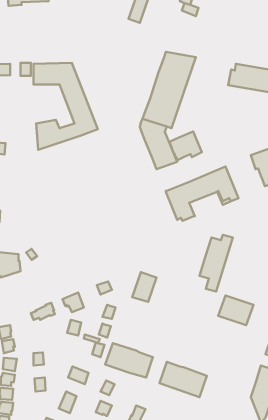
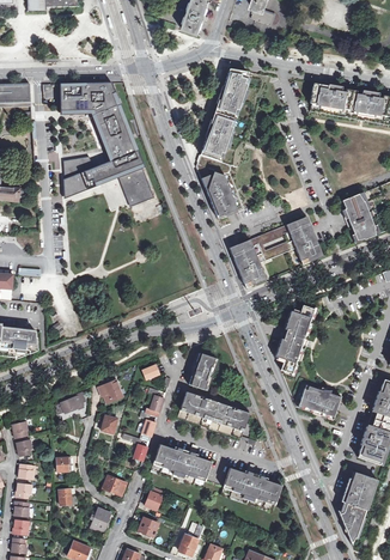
building: none -> [118,168,152,203]
building: [169,132,202,160] -> none
building: none -> [176,390,248,437]

